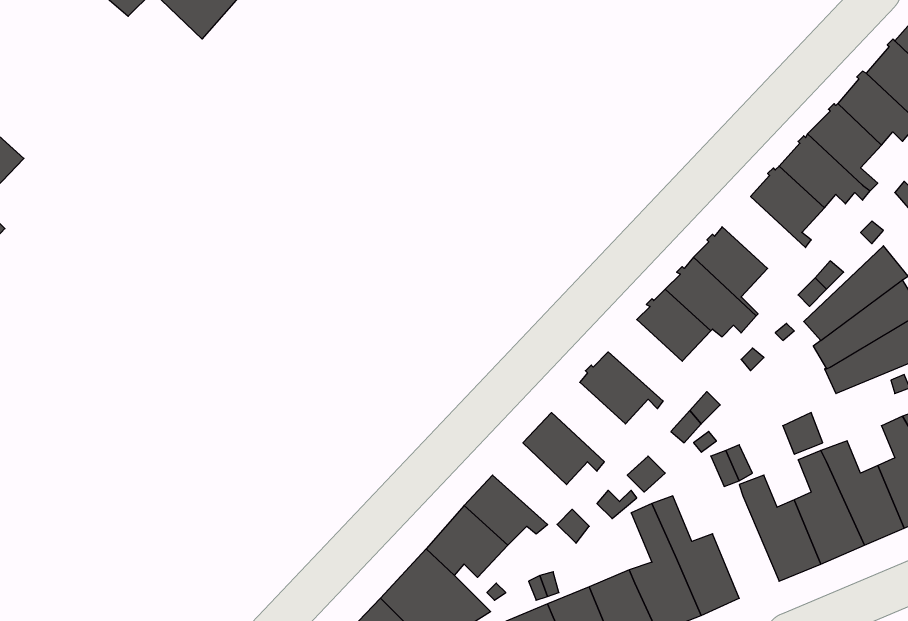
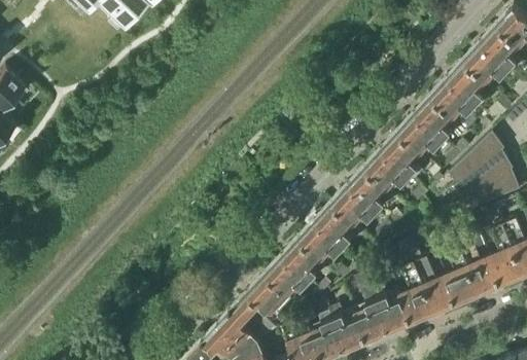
building: none -> [405,107,450,148]
building: none -> [343,174,387,218]
building: none -> [312,208,352,251]
building: none -> [280,241,320,285]
building: none -> [399,263,435,325]

